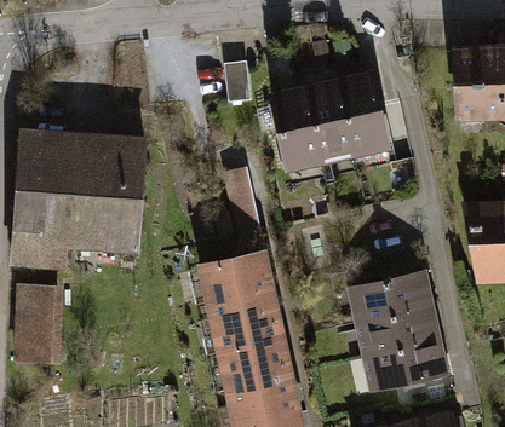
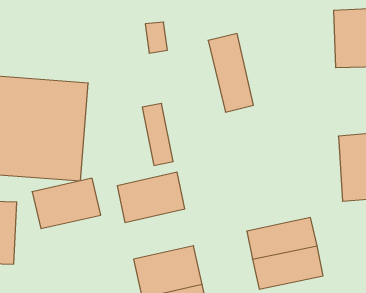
building: [339,70,391,166] -> none
building: [268,85,325,184] -> none
building: [344,271,431,323] -> none
building: [199,295,285,358] -> [32,178,101,229]

